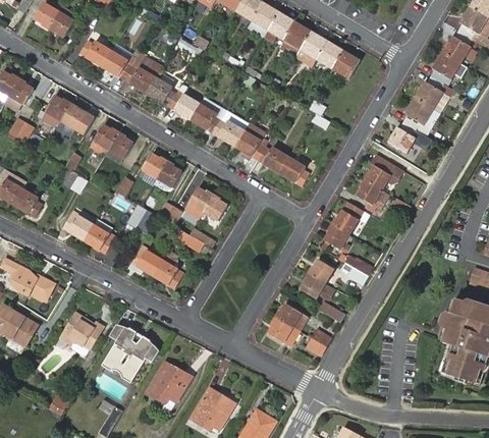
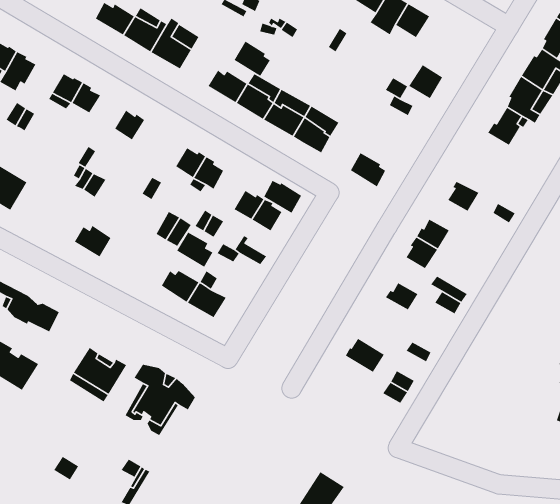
building: [332,51,360,78] -> [408,64,443,99]
building: [147,77,176,106] -> [233,41,271,77]
building: [105,132,132,164] -> none
building: [258,146,288,172] -> [263,180,302,214]
building: [364,154,403,189] -> none
building: [13,188,42,217] -> none
building: [84,225,113,254] -> [176,231,214,268]
building: [301,272,326,298] -> none
building: [268,318,298,346] -> none
building: [147,361,188,403] -> none
building: [192,387,235,430] -> none

